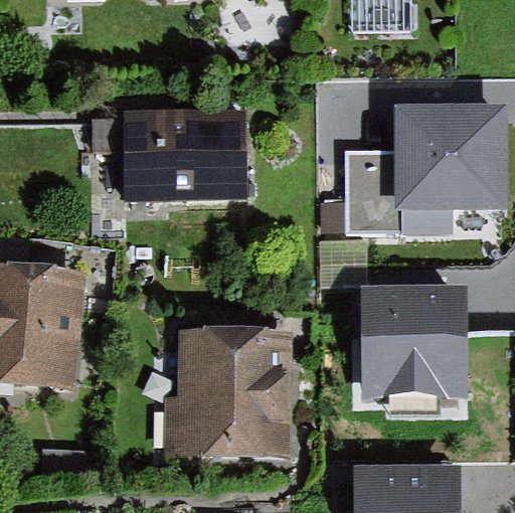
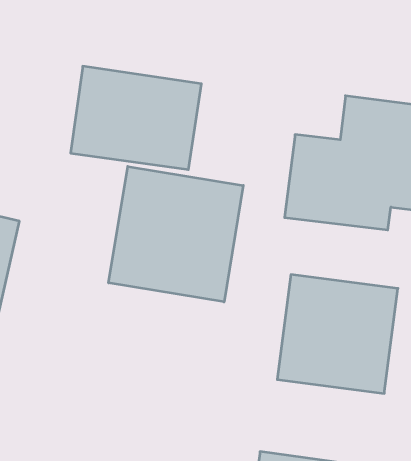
building: none -> [109,166,243,302]
building: [170,331,286,459] -> none

